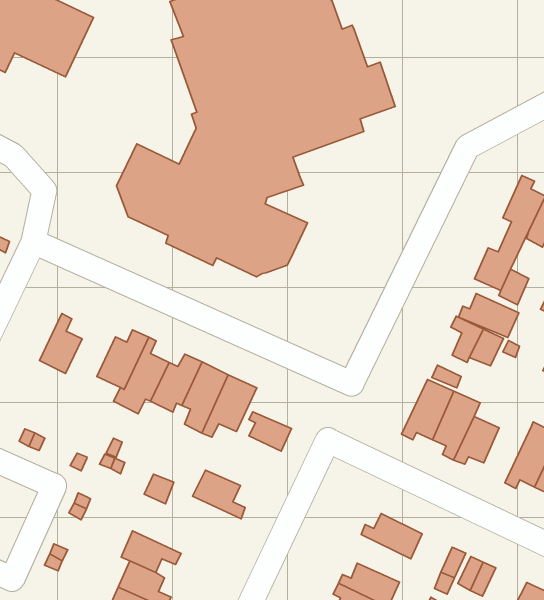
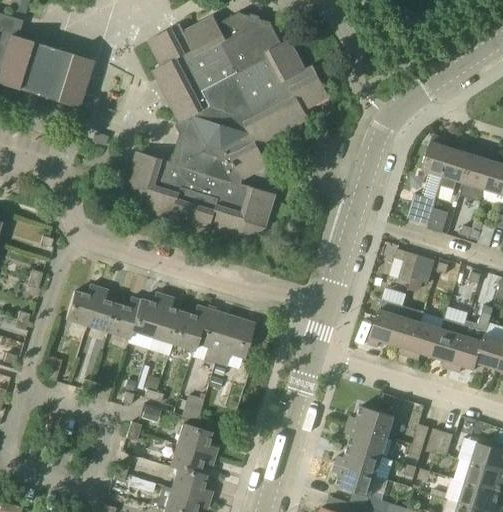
building: [458,293,519,337] -> none
building: none -> [65,284,100,325]
building: none -> [109,297,143,338]
building: [249,412,292,451] -> none
building: none -> [434,318,466,369]
building: [193,470,245,519] -> [176,423,217,456]
building: none -> [346,423,389,455]

